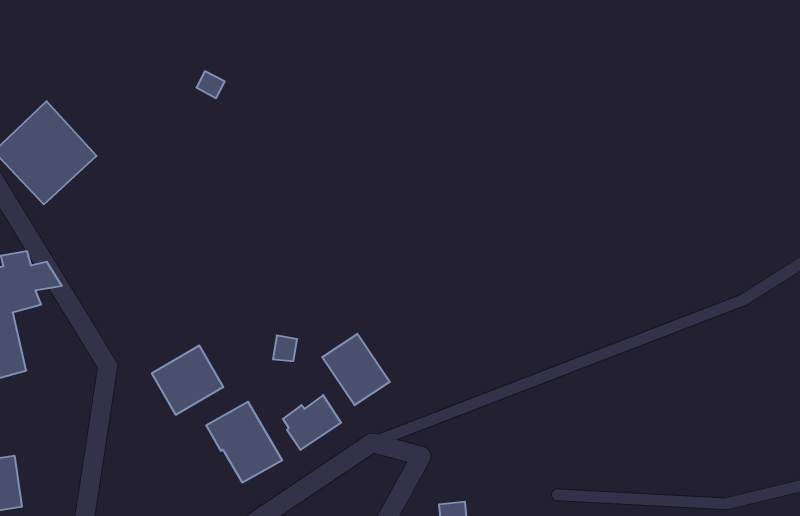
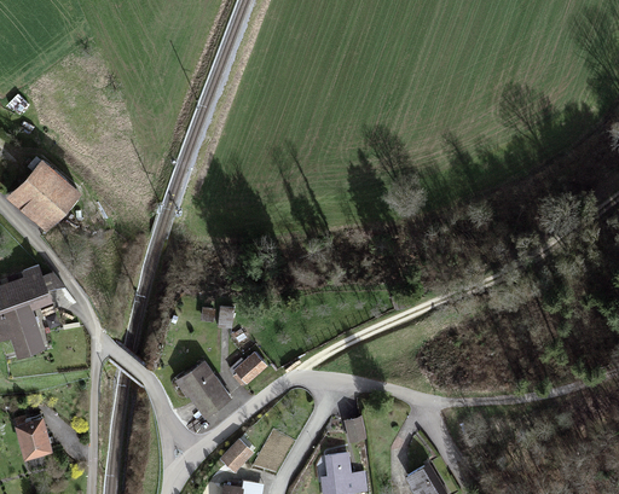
building: [322,334,390,405] -> none
building: [152,345,223,415] -> none

